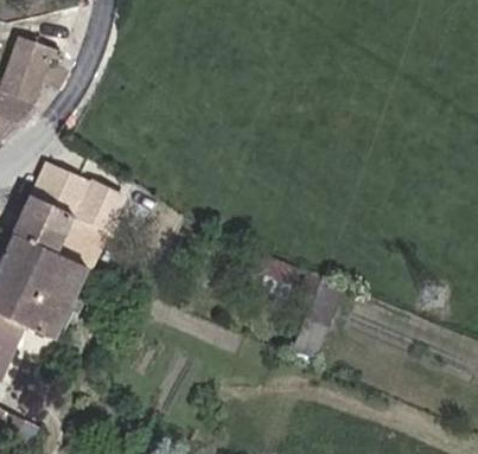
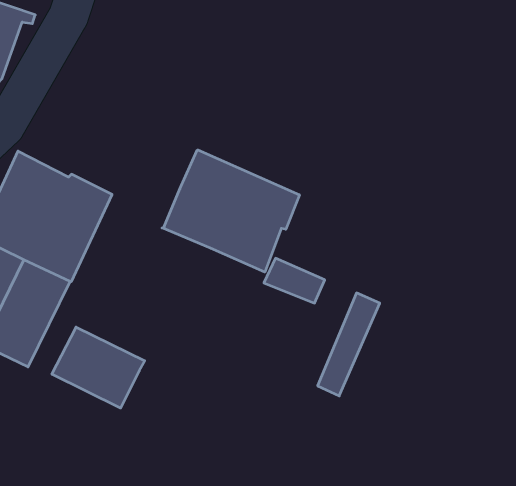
building: none -> [162,150,299,272]
building: none -> [52,327,145,408]

